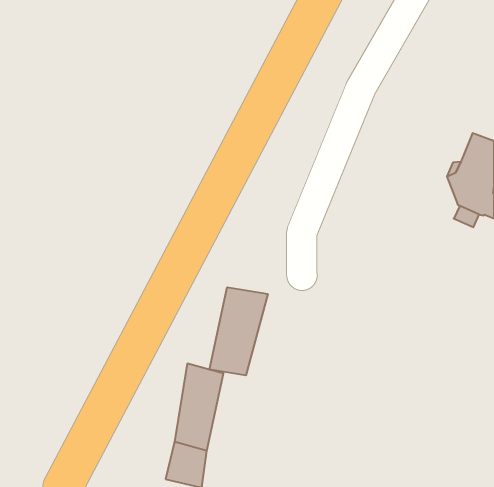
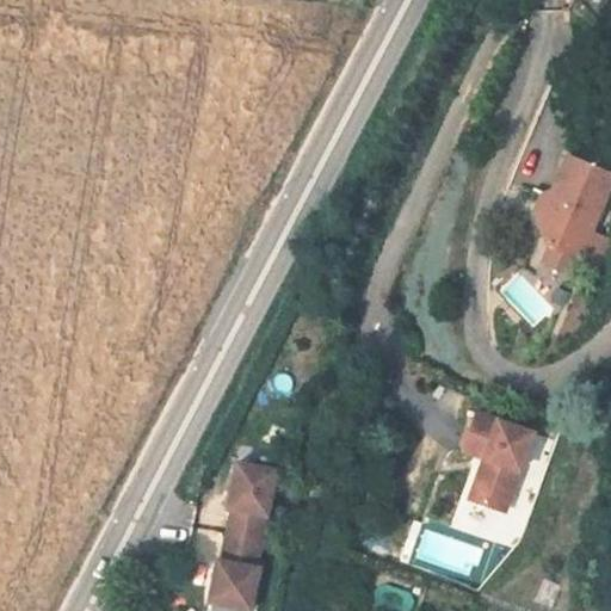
building: [209,287,268,375] -> none
building: none -> [470,415,541,514]

